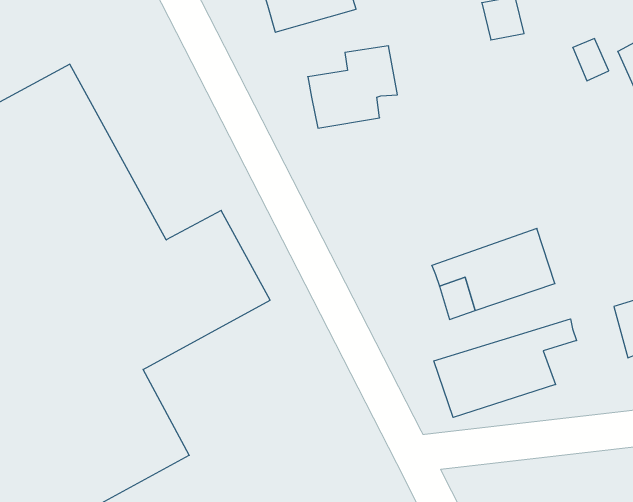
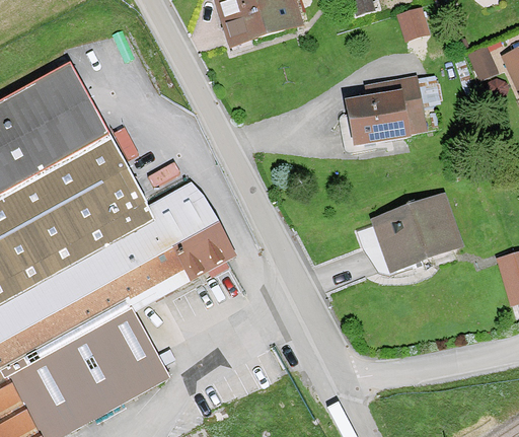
building: [308,46,397,128] -> [350,79,421,144]
building: [434,319,577,417] -> none

